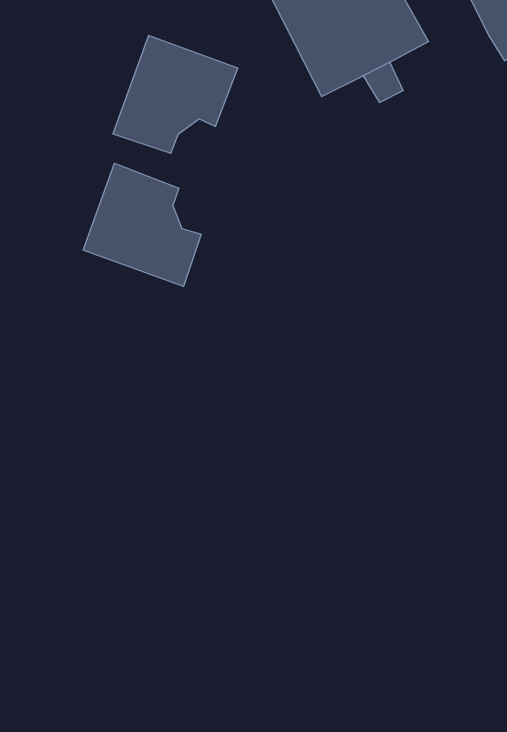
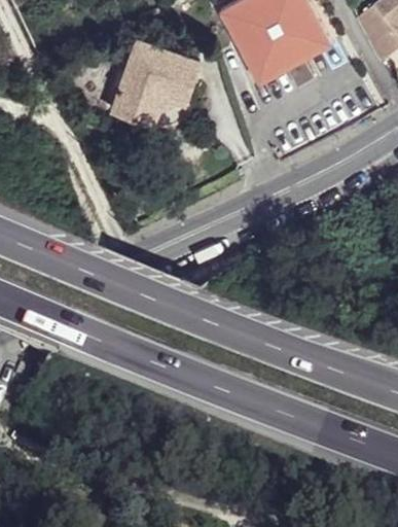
building: [83,163,201,286] -> none

